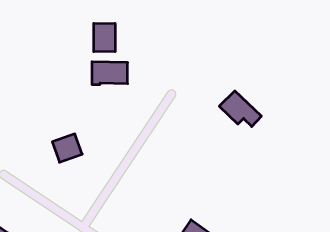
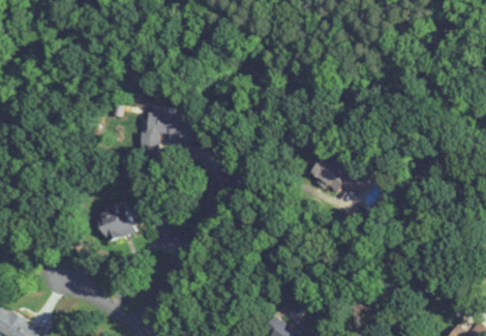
building: [94,23,115,52] -> none

